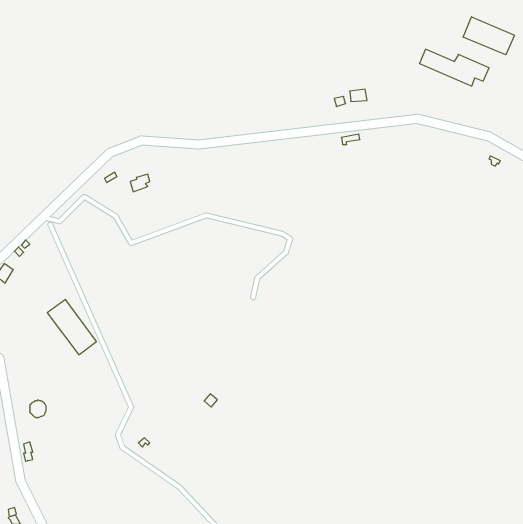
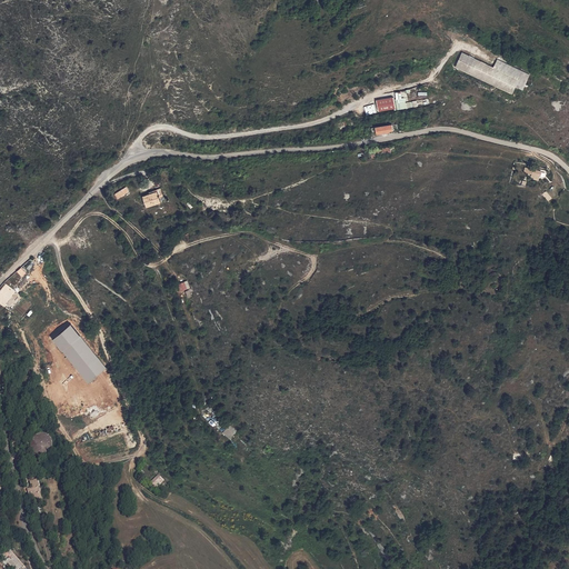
building: [463,17,514,55] -> none

